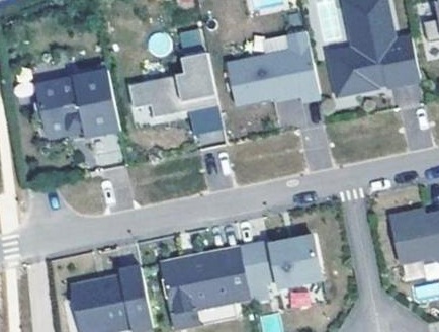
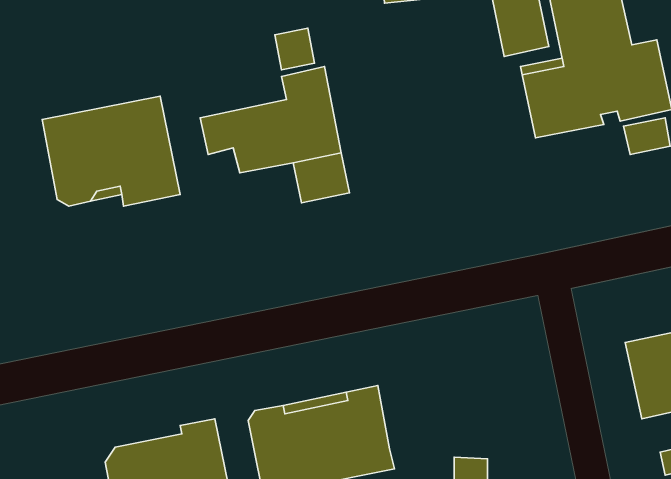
building: [226,30,320,105] -> none
building: [240,236,321,288] -> none

